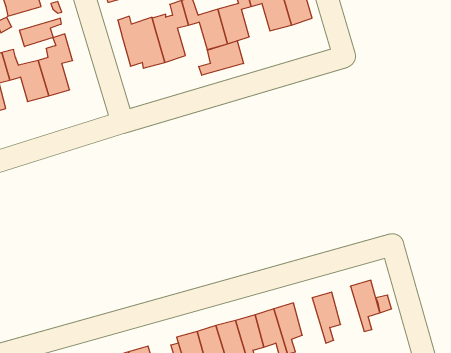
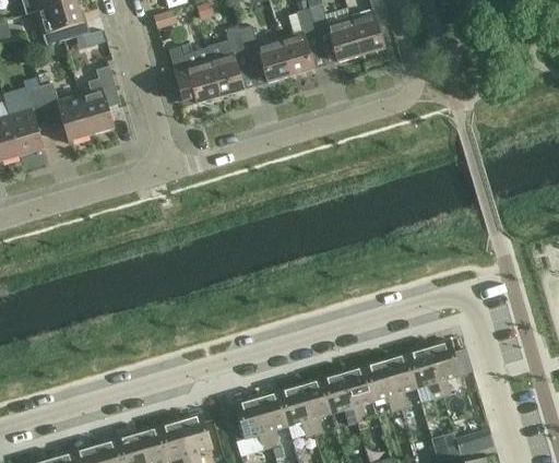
building: [20,18,61,47] -> none
building: [199,41,244,75] -> none
building: none -> [406,346,442,399]
building: none -> [364,359,400,412]

